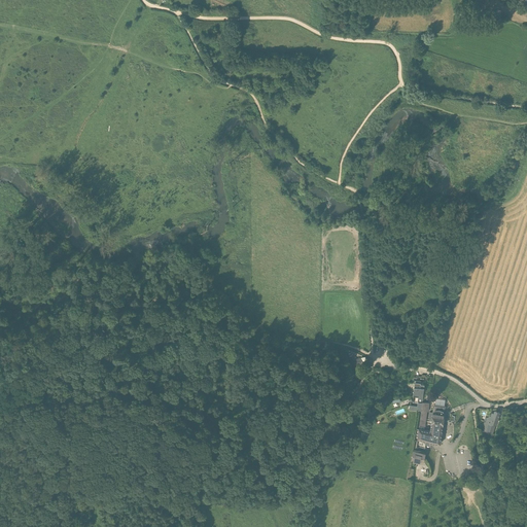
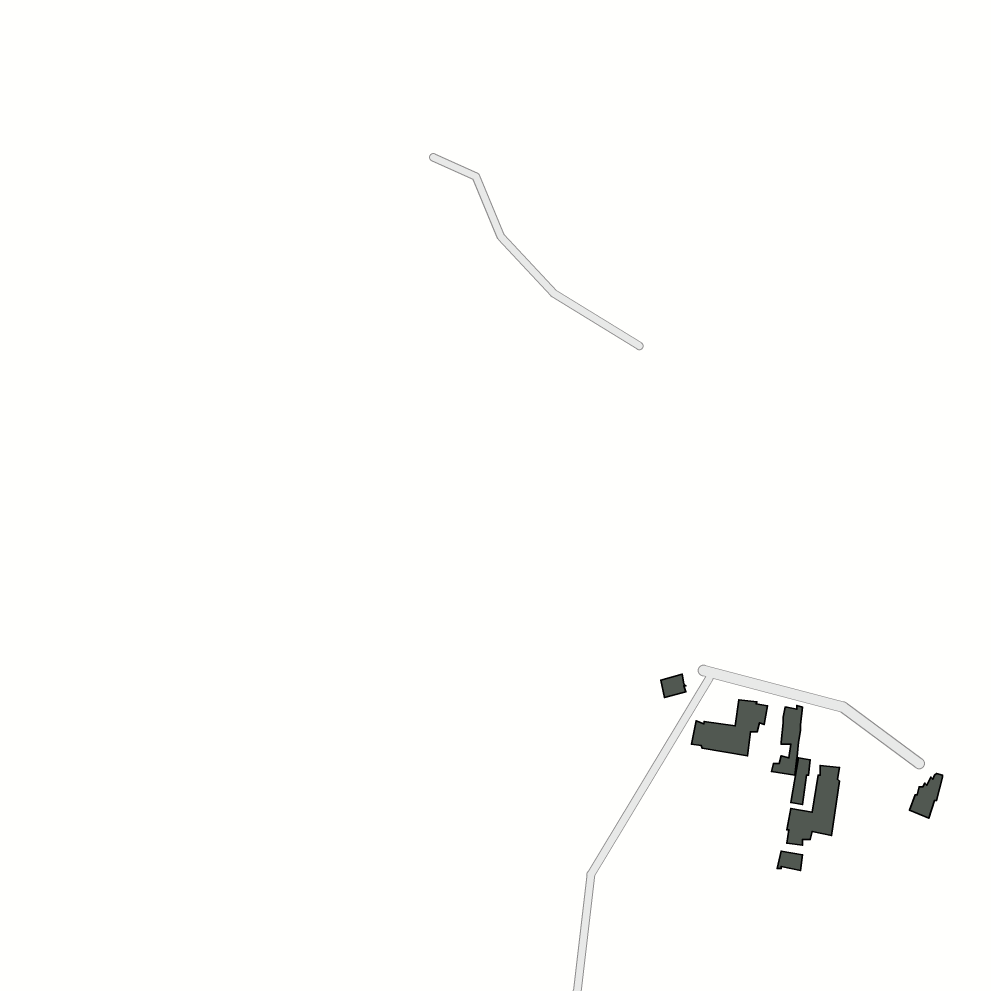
building: none -> [691,700,768,756]

